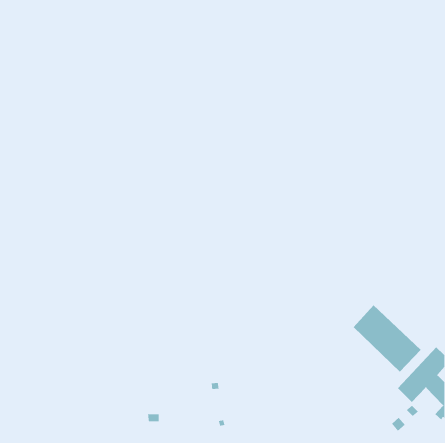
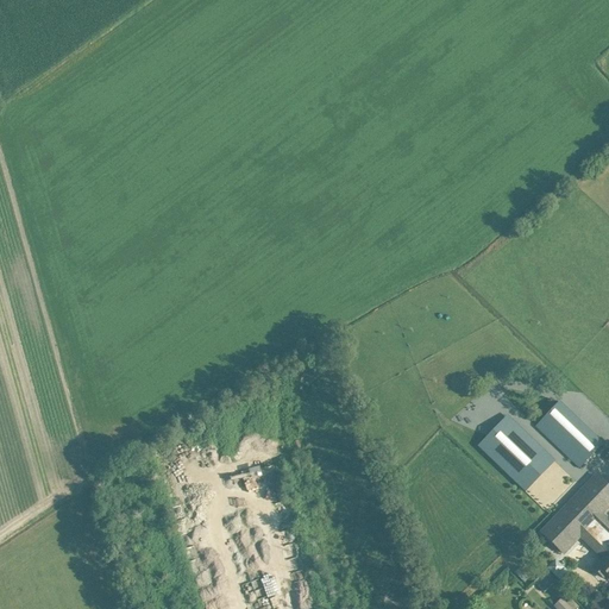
building: none -> [535,400,602,466]

